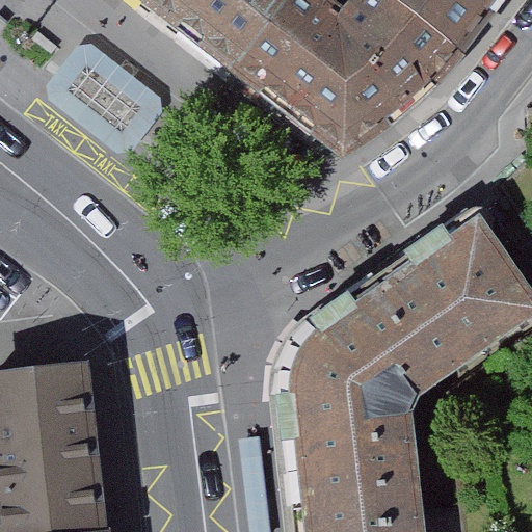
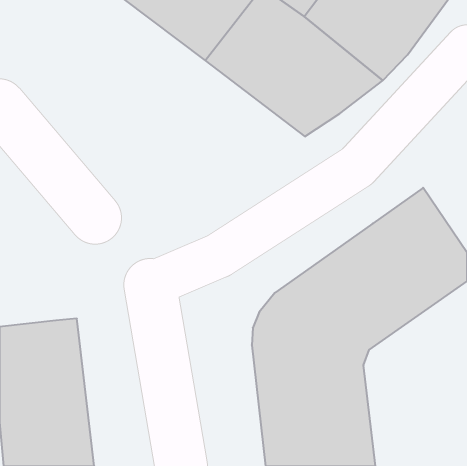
building: [52,46,161,143] -> none

